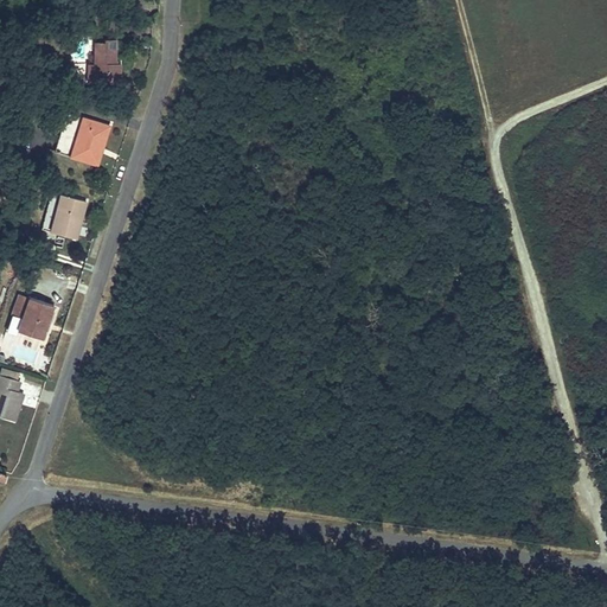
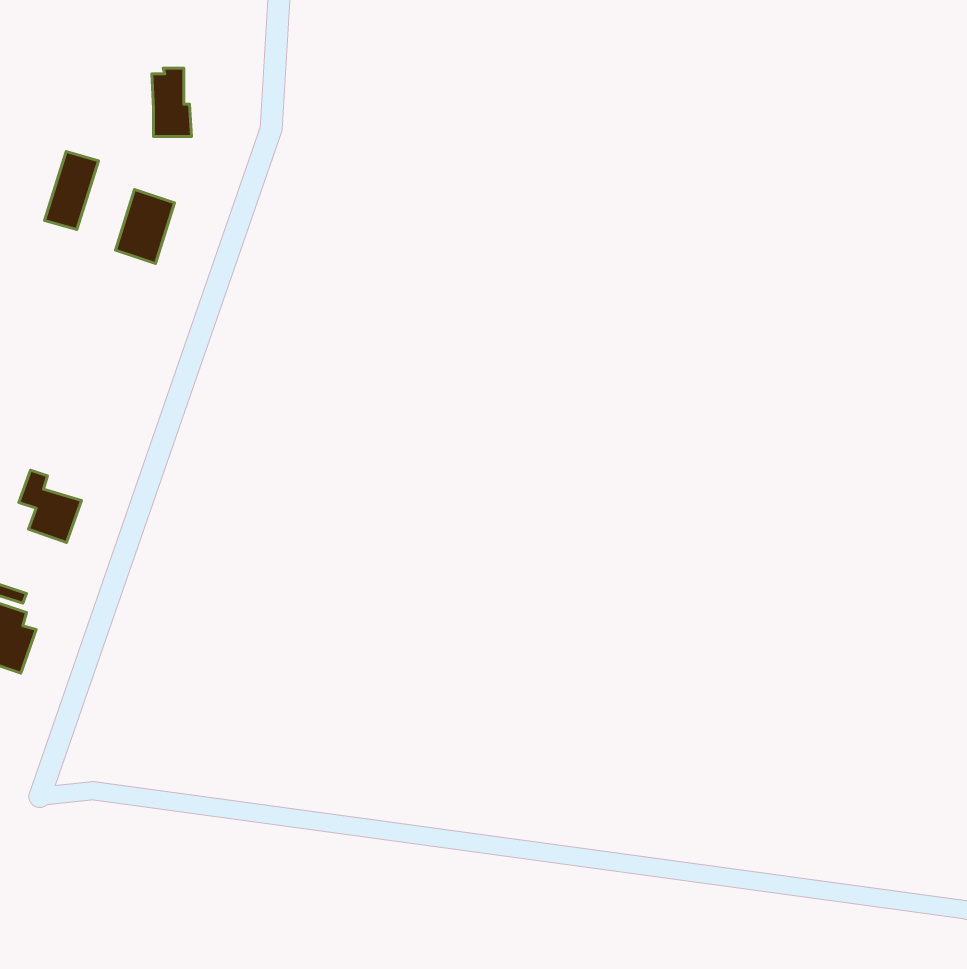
building: none -> [45,152,98,230]
building: [49,193,88,239] -> none

